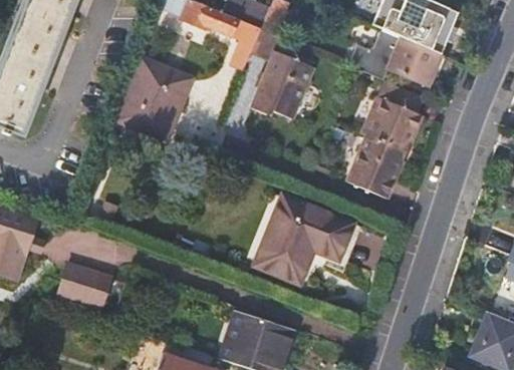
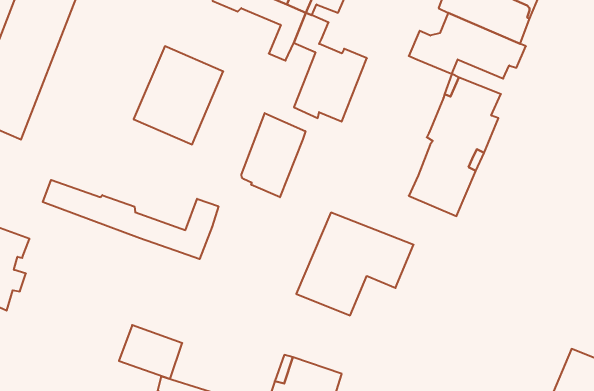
building: none -> [241,113,305,197]
building: none -> [43,180,218,259]
building: [57,264,110,309] -> [119,325,182,379]

